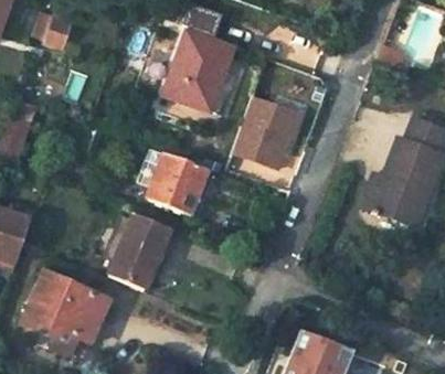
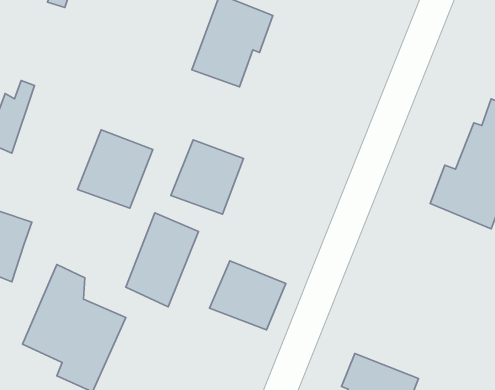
building: [231,94,300,170] -> none
building: none -> [77,130,153,208]
building: none -> [209,261,286,330]

